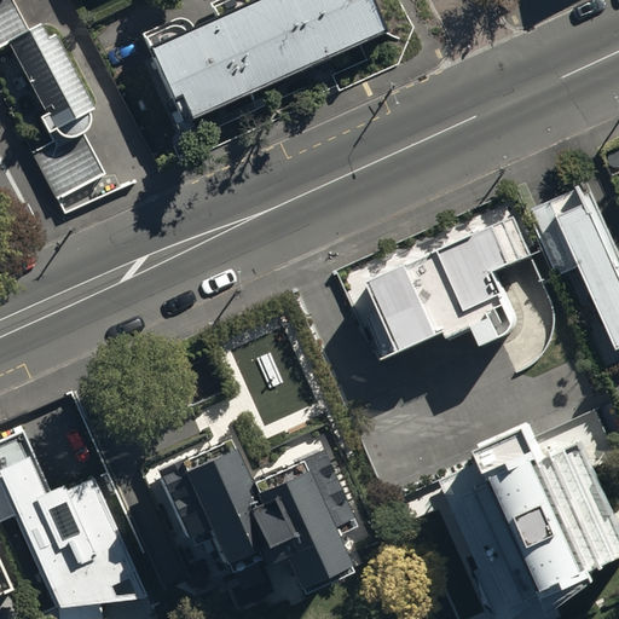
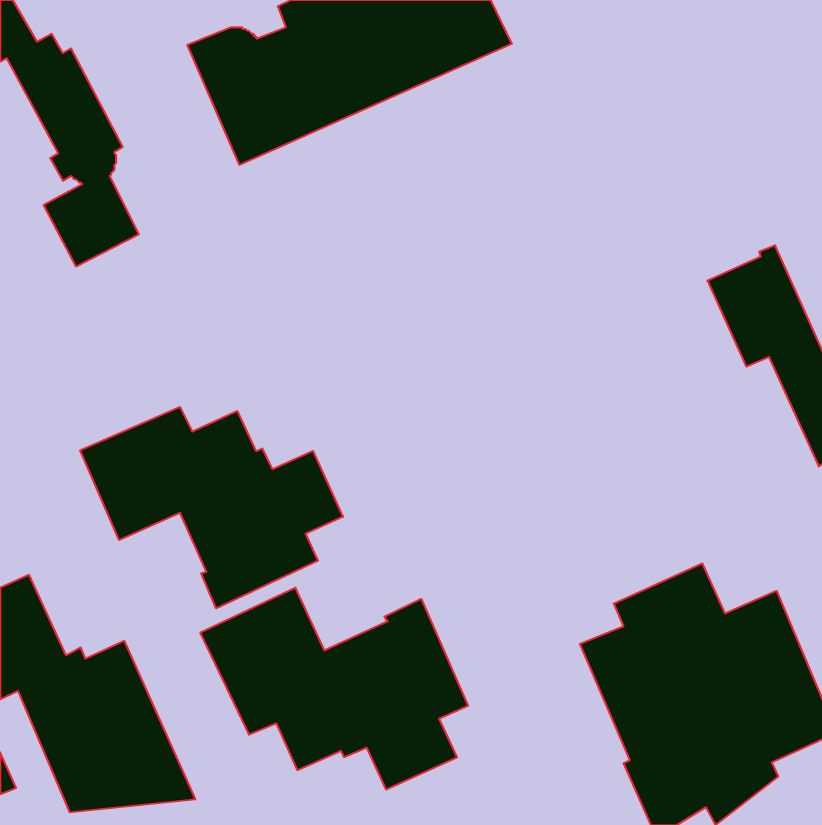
building: [364,213,539,353] -> none
building: none -> [80,407,343,608]

